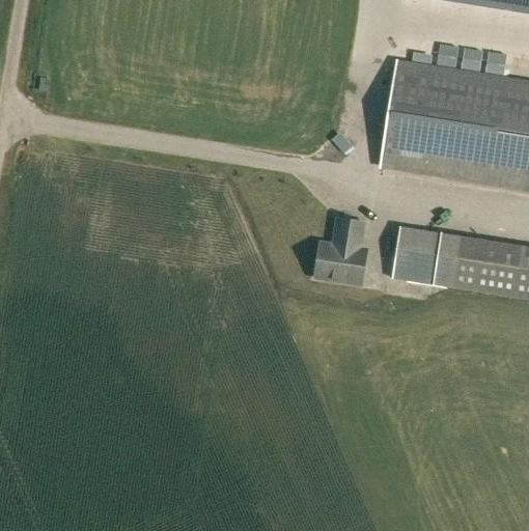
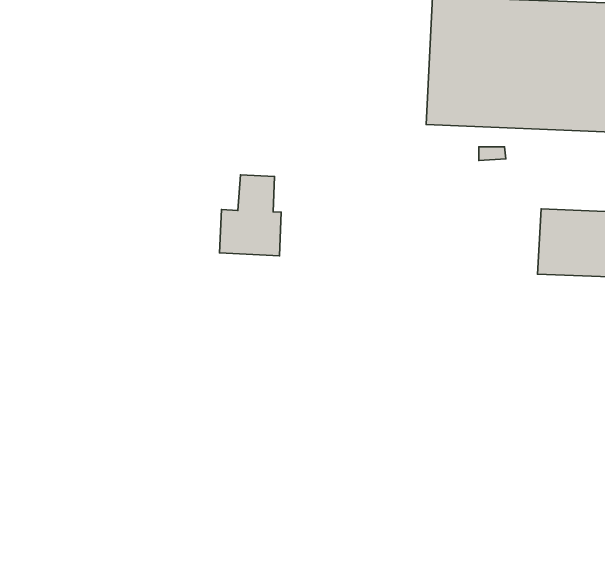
building: [315,217,366,282] -> [220,175,281,256]
building: [392,226,461,285] -> none

